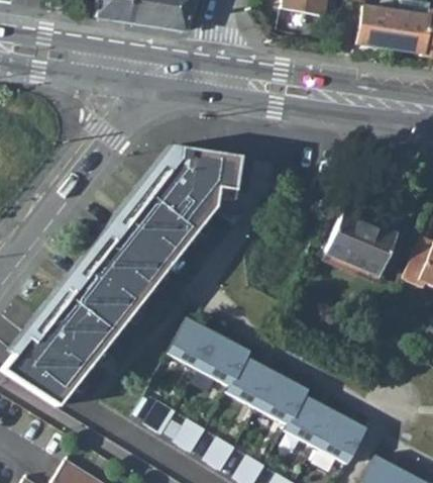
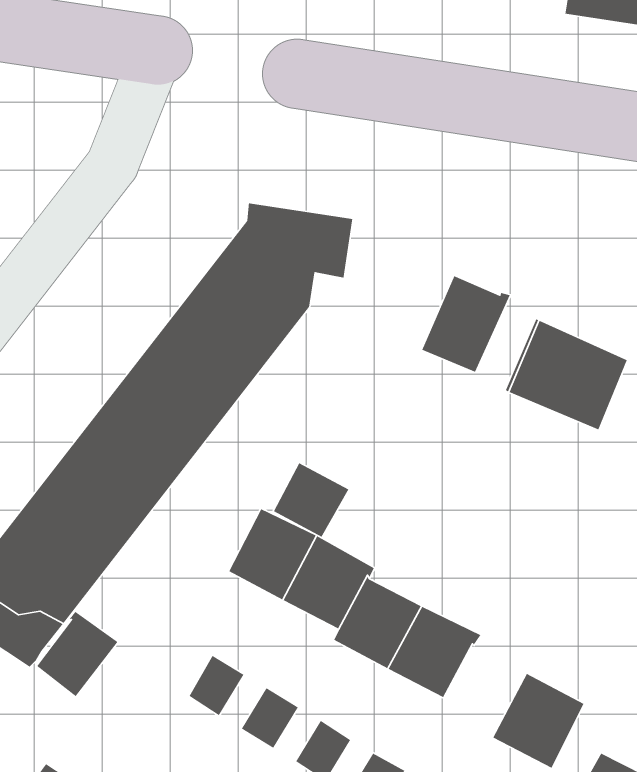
building: none -> [421,275,511,373]
building: none -> [273,462,349,538]
building: none -> [36,611,118,697]
building: [286,394,335,447] -> none

